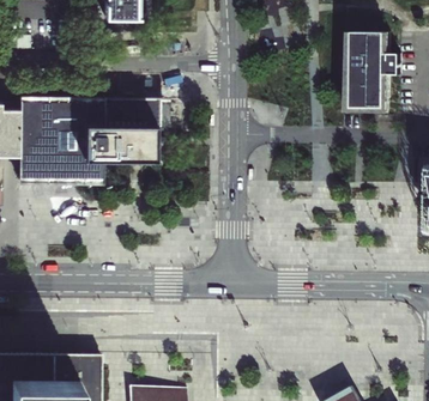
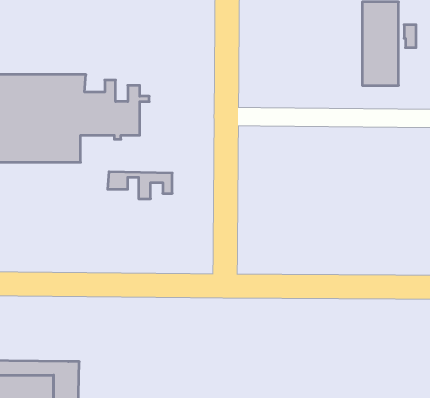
building: [103,99,161,123] -> [108,172,172,199]

